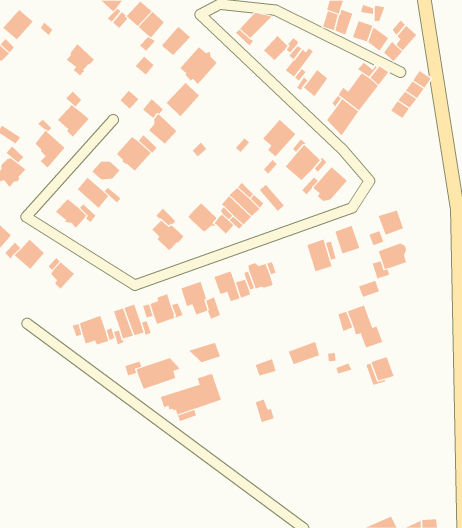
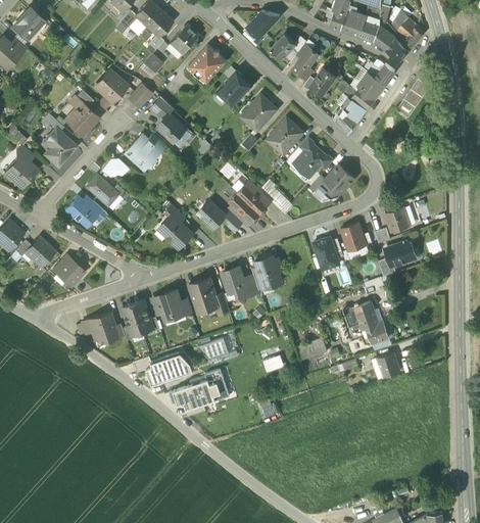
building: [66,43,95,76] -> [98,69,127,102]
building: [166,82,200,117] -> [218,73,251,107]
building: none -> [246,94,278,133]

